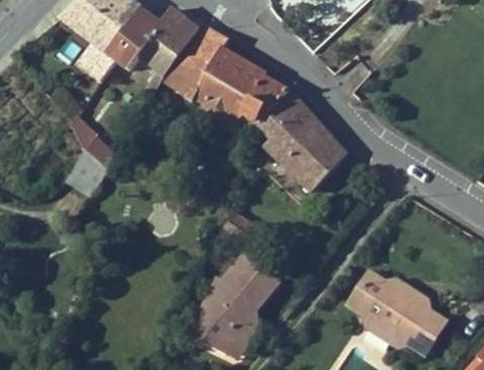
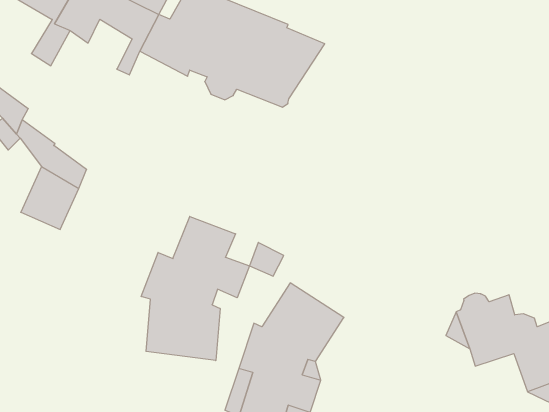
building: [261,90,345,190] -> none
building: none -> [141,216,249,361]

